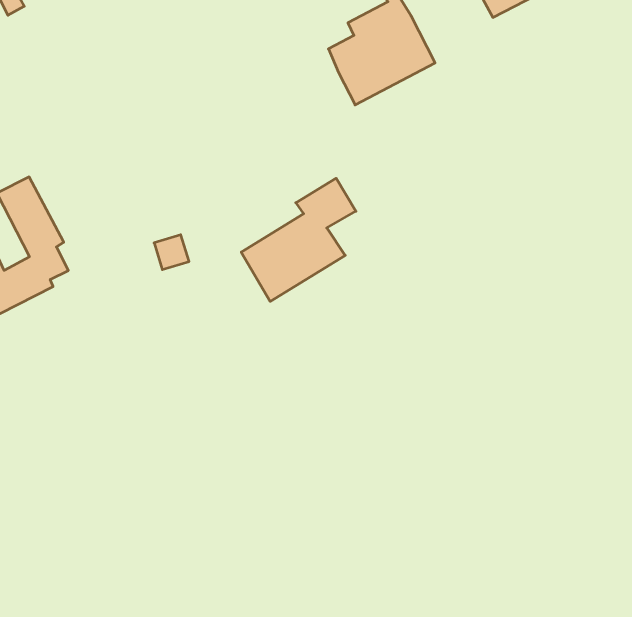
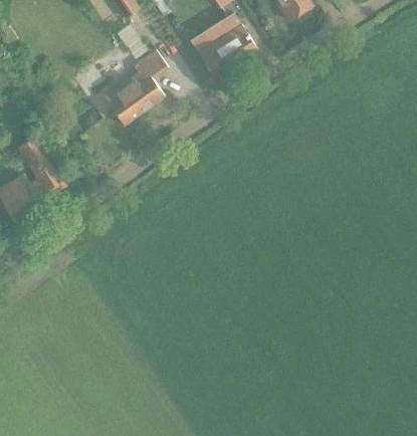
building: [241,178,356,301] -> [103,48,168,123]

